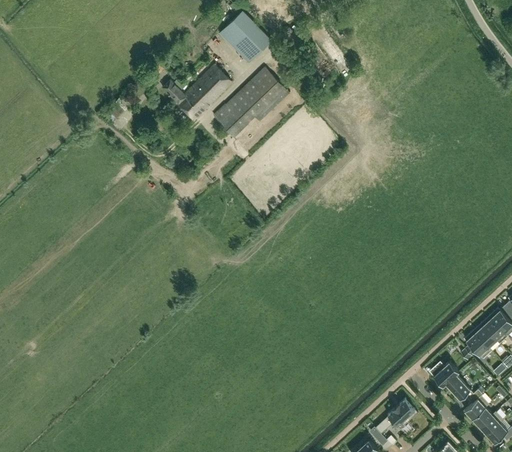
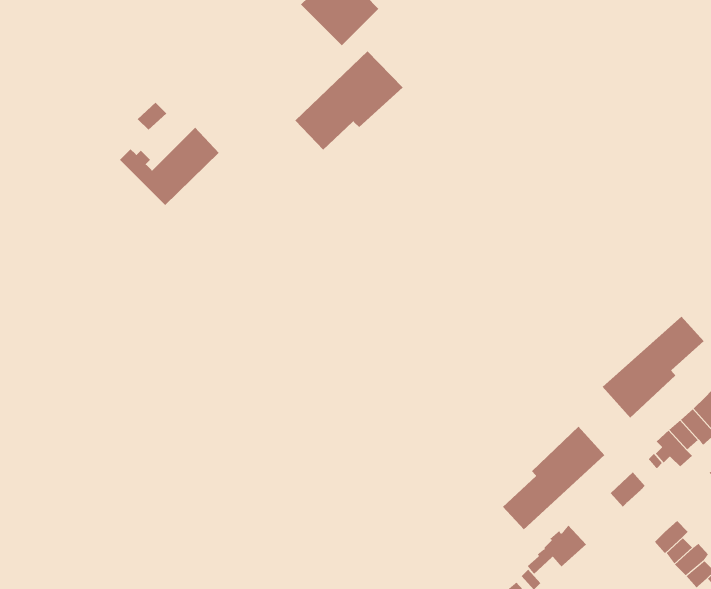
building: [161,64,231,119] -> [119,127,219,206]
building: none -> [602,316,705,419]
building: none -> [502,426,605,530]
building: [445,374,482,403] -> none

